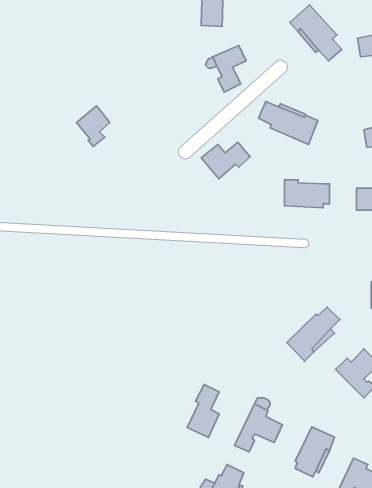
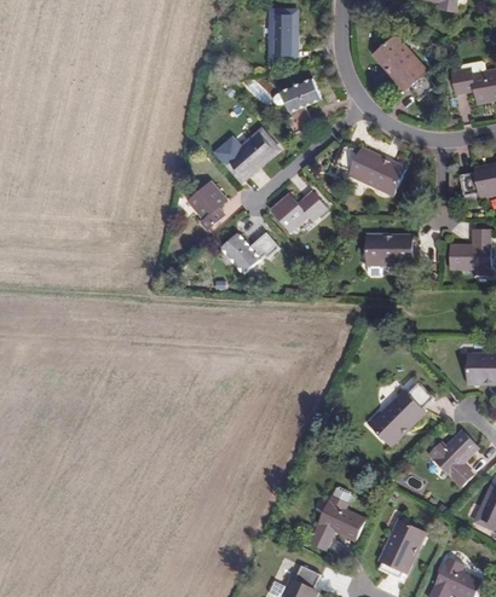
building: none -> [217,128,277,178]
building: [77,106,110,147] -> [188,181,226,228]
building: none -> [221,232,279,274]
building: [187,384,219,438] -> none

